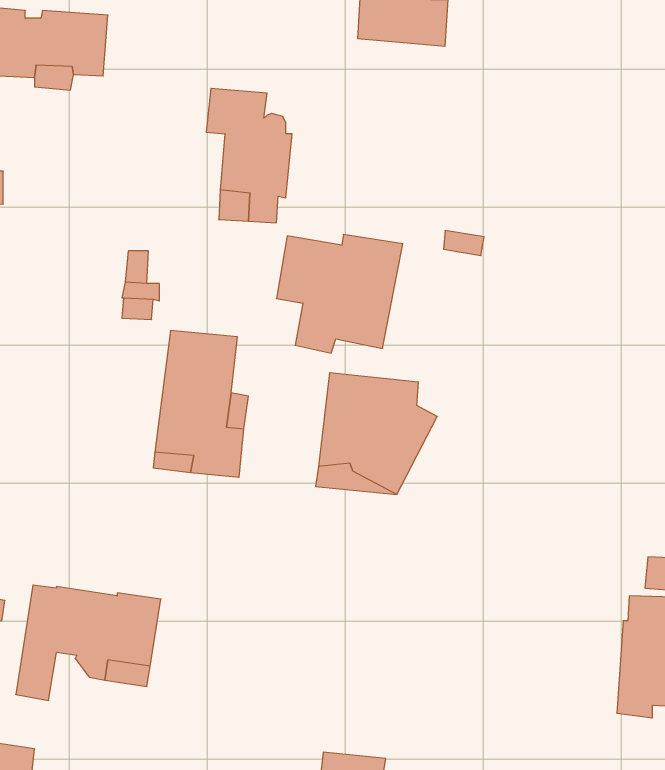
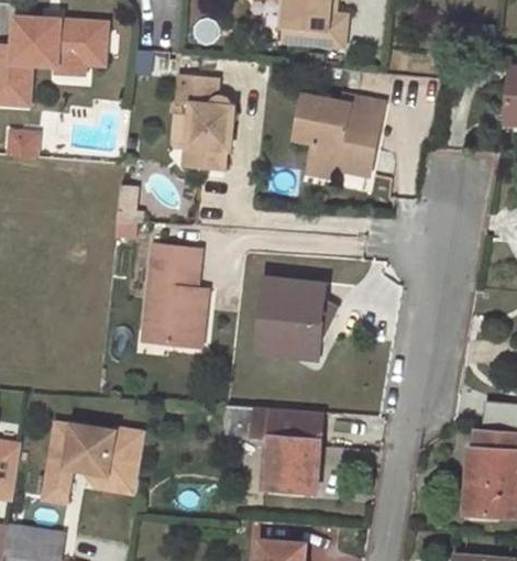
building: [276,234,403,353] -> [295,91,384,175]
building: none -> [253,407,320,492]

